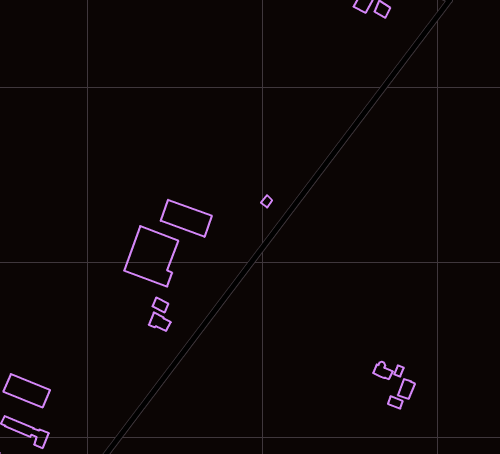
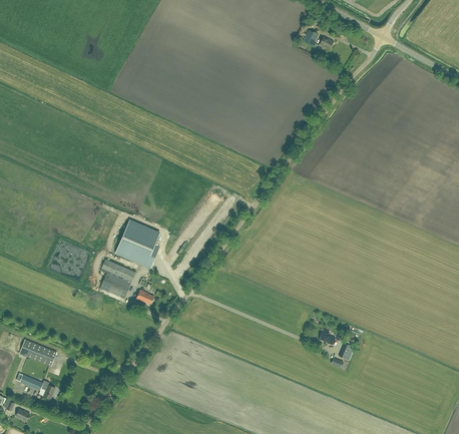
building: [161,200,212,237] -> none
building: none -> [100,259,136,298]

